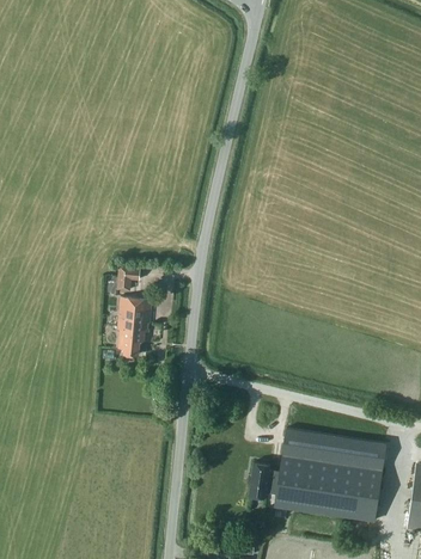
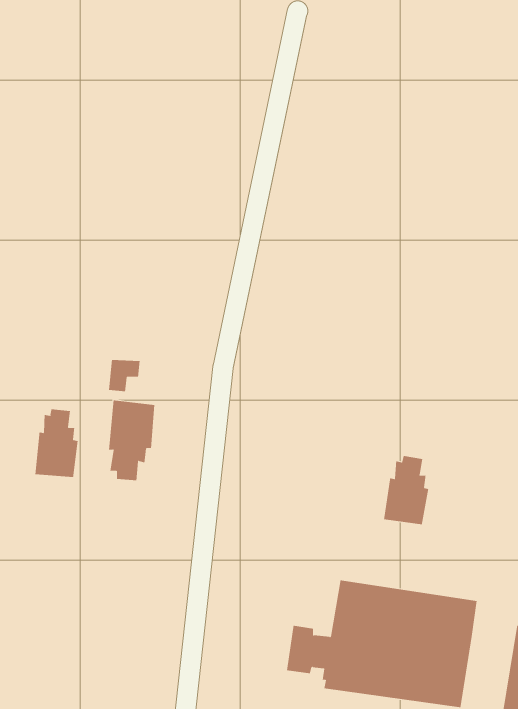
building: none -> [35,408,78,478]
building: none -> [383,455,429,525]

